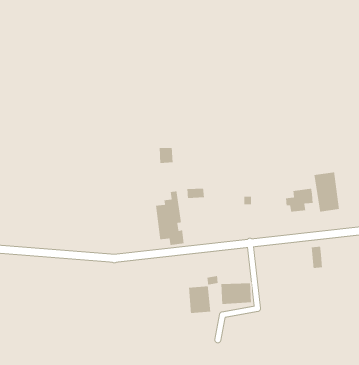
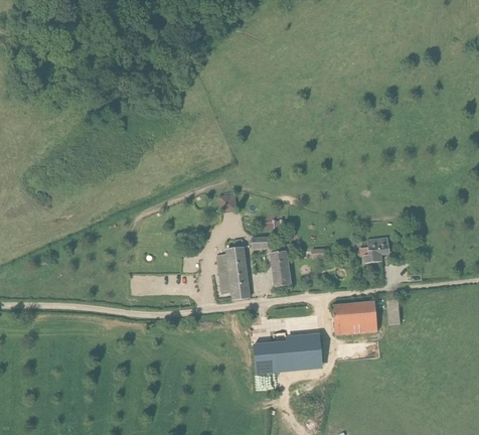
building: [314,171,340,212] -> none
building: none -> [270,242,292,287]
building: none -> [332,301,377,334]

